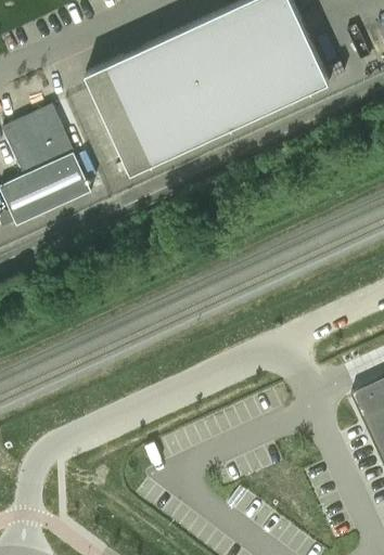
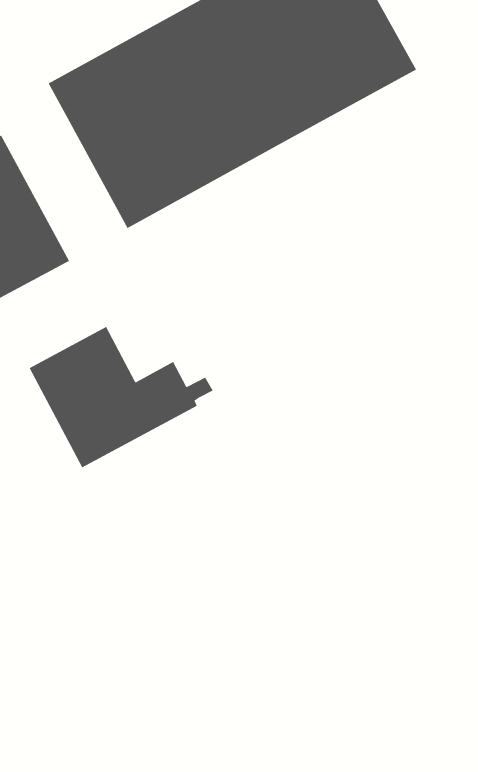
building: none -> [28,326,214,469]

